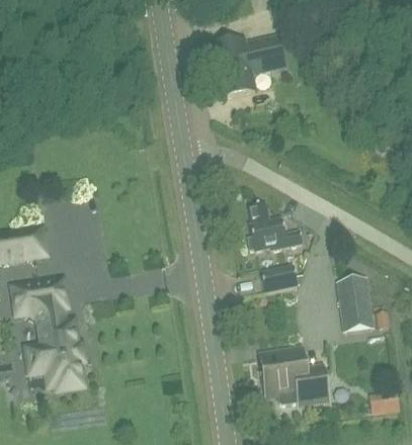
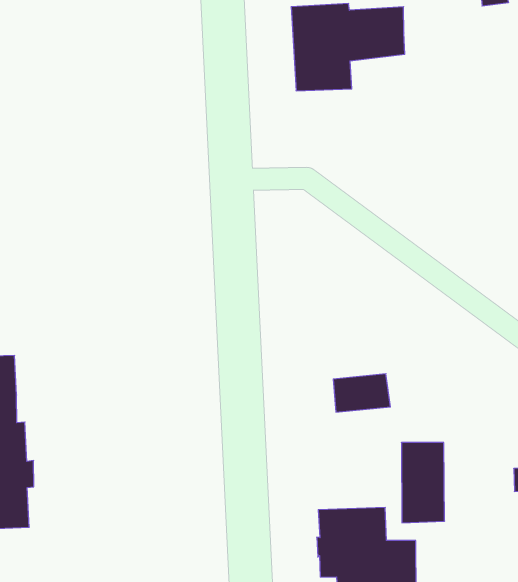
building: [246,216,301,250] -> none
building: [338,278,370,331] -> [401,443,445,523]

